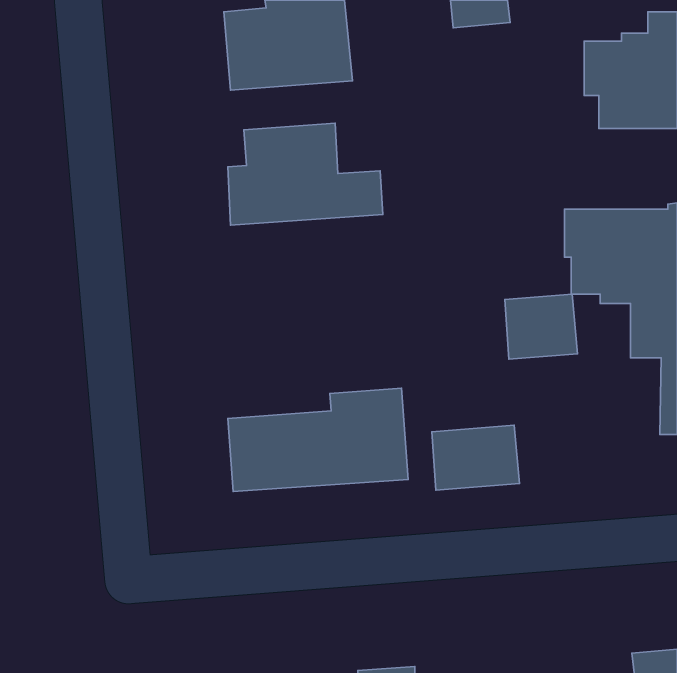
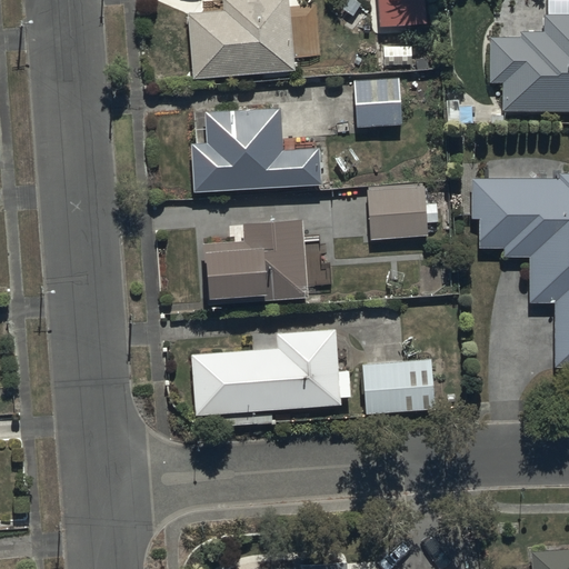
building: none -> [353,84,402,136]
building: none -> [203,220,309,305]
building: [505,294,578,359] -> [368,186,429,240]

